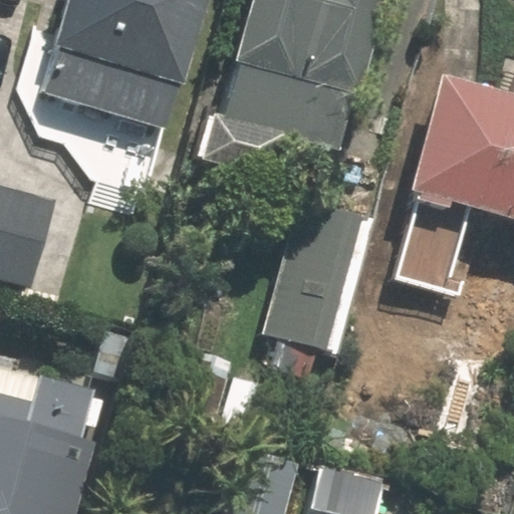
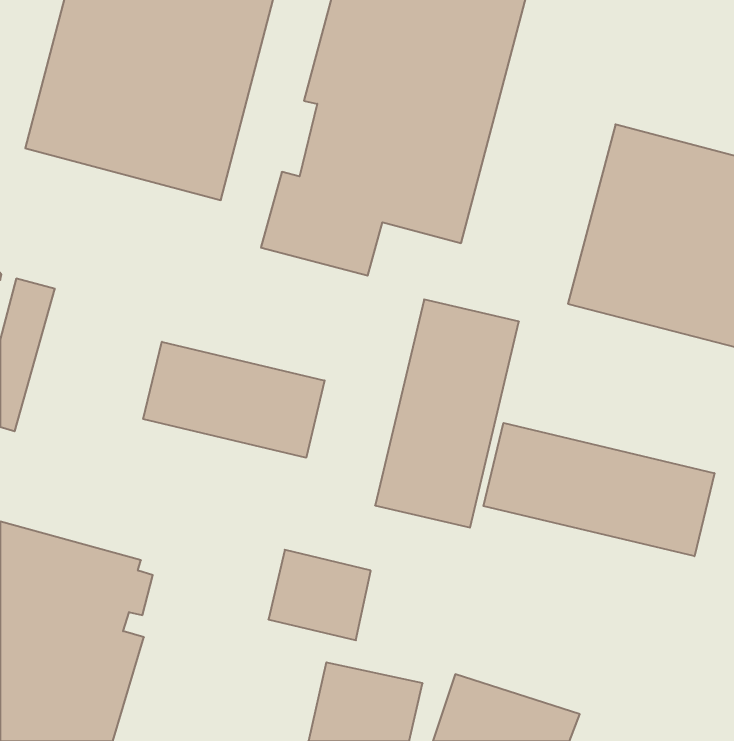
building: none -> [143,342,325,458]
building: none -> [483,423,714,556]

